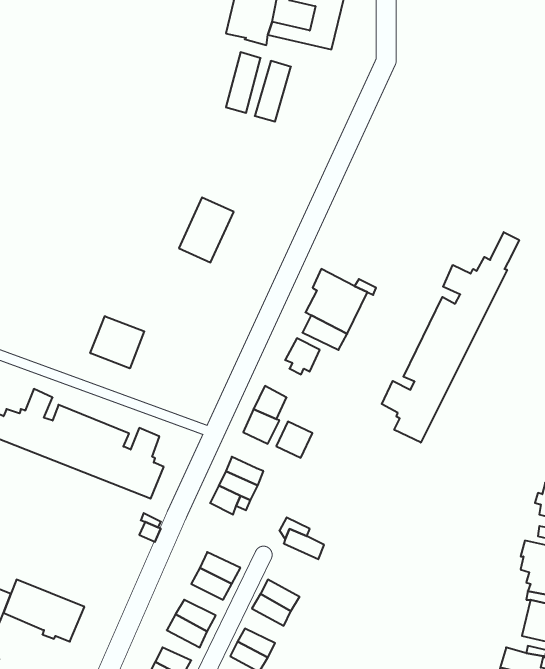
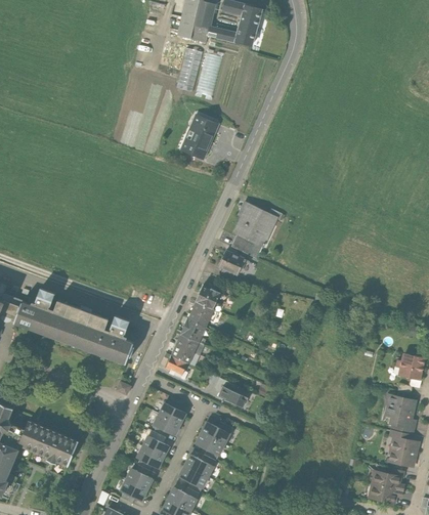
building: [179,197,234,262] -> [180,115,219,161]
building: [382,232,519,443] -> none
building: [90,316,144,368] -> none
building: [276,422,312,458] -> [181,317,207,343]

